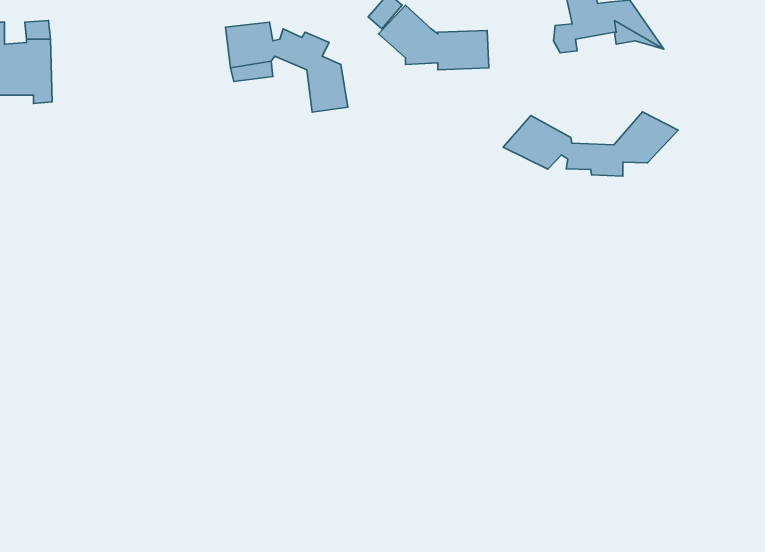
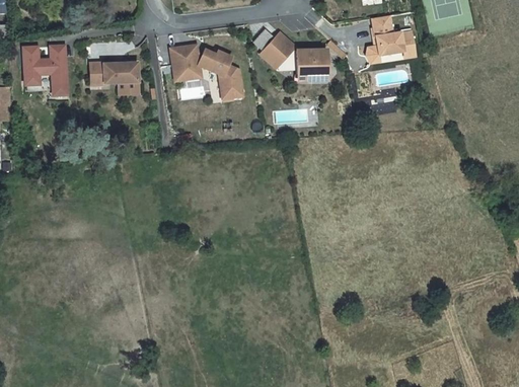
building: none -> [89,62,137,83]
building: [503,112,678,176] -> none

